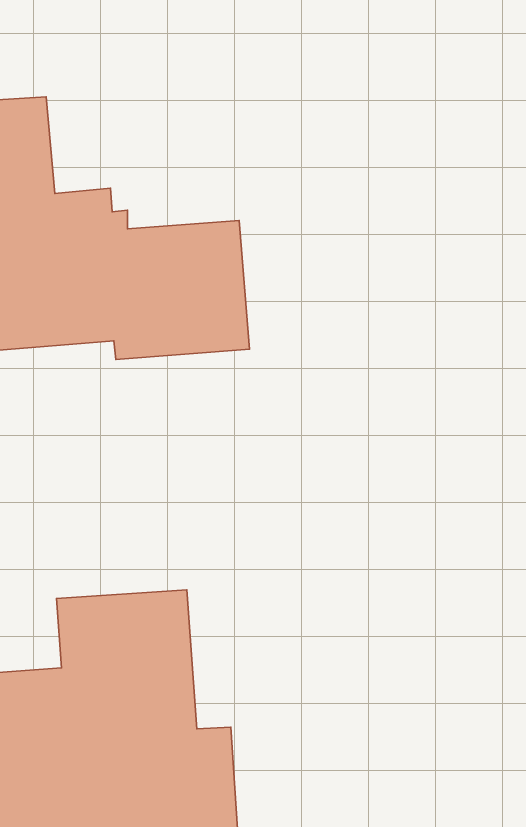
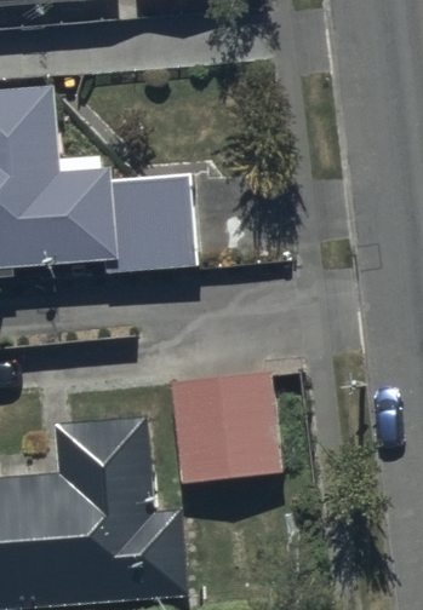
building: none -> [173,387,281,497]

